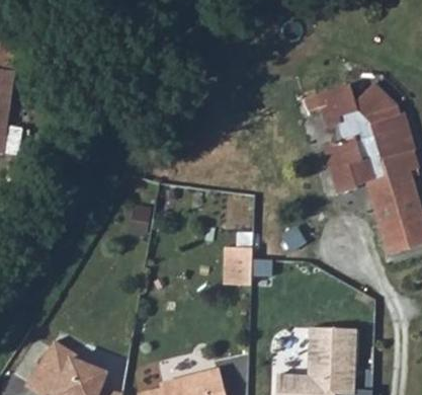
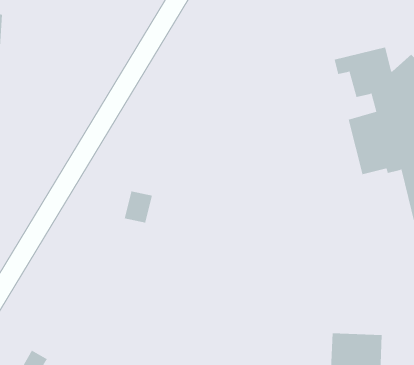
building: [222,245,251,284] -> none

